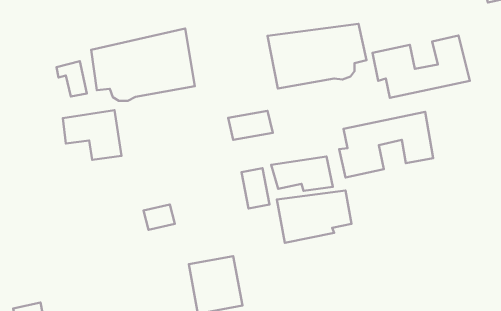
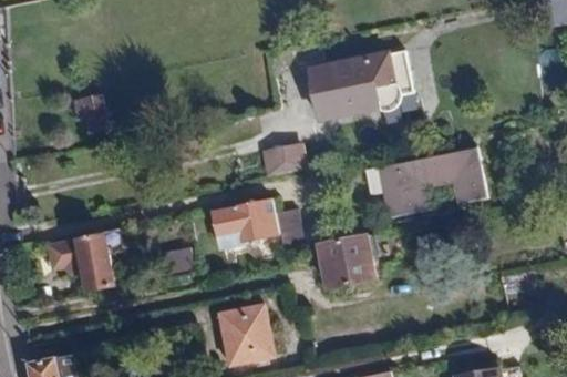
building: [91,28,195,101] -> none
building: [372,35,470,98] -> none
building: [63,110,121,160] -> [48,234,112,288]
building: [271,157,333,191] -> [209,202,277,240]

